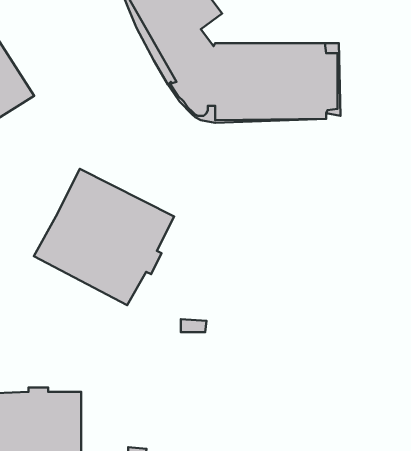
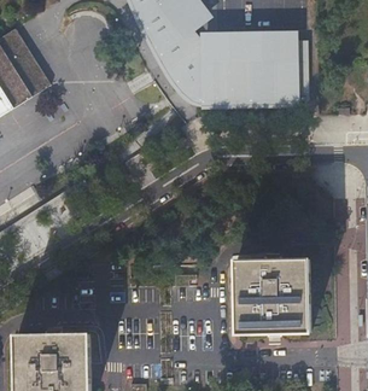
building: [34,169,174,305] -> none
building: none -> [235,256,309,334]

